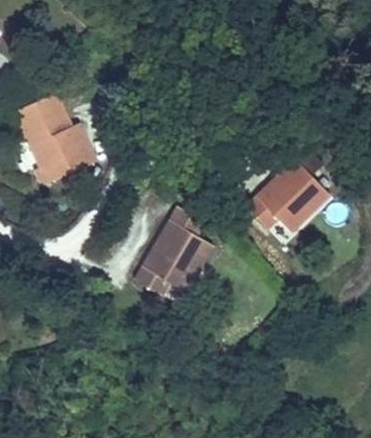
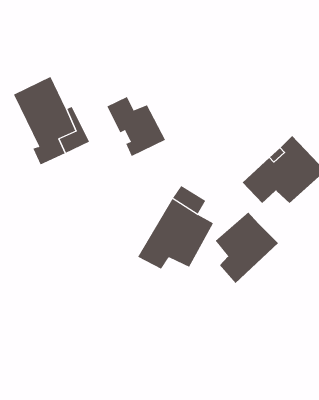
building: none -> [107,96,166,157]
building: none -> [215,211,279,284]

